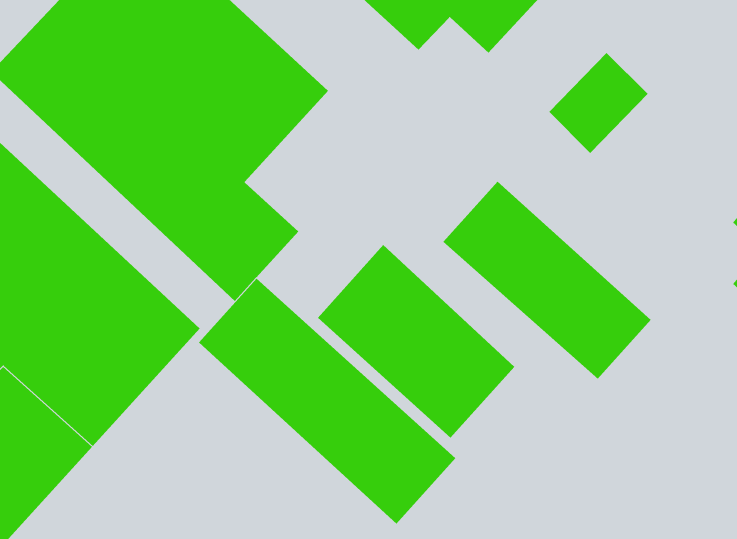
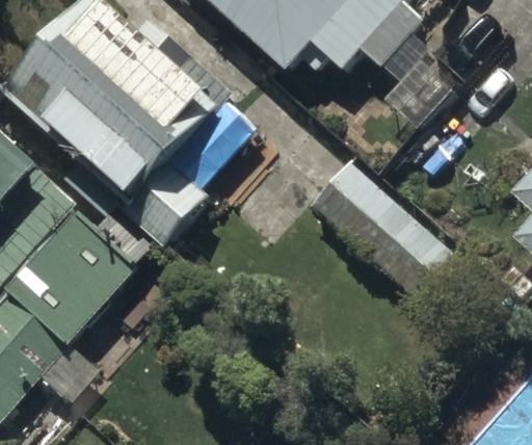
building: [317,244,515,438] -> none
building: [198,278,456,524] -> none

